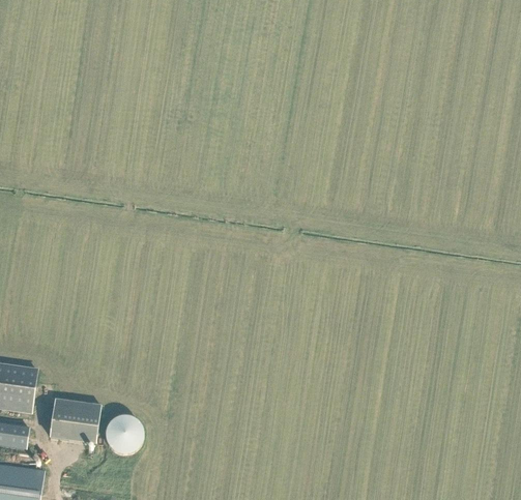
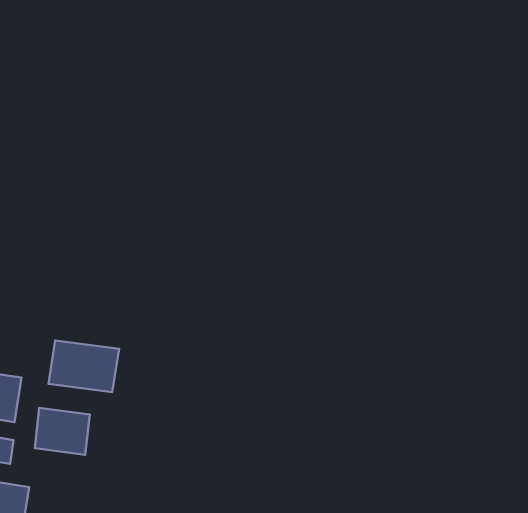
building: none -> [48,340,119,392]
building: [105,415,143,454] -> none

